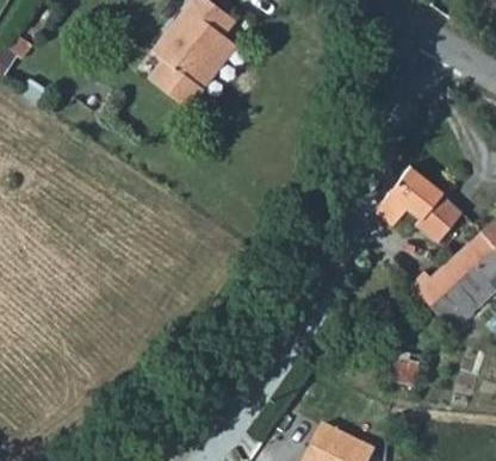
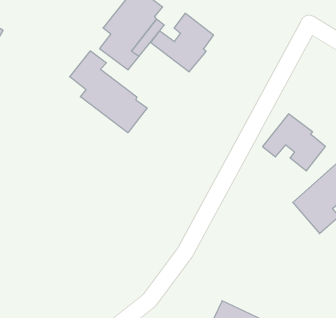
building: none -> [151,13,213,72]
building: none -> [70,51,147,133]

